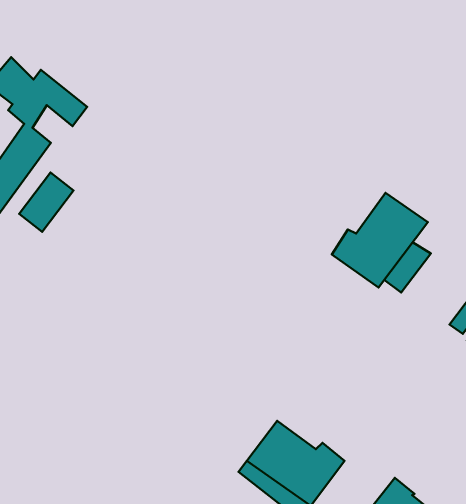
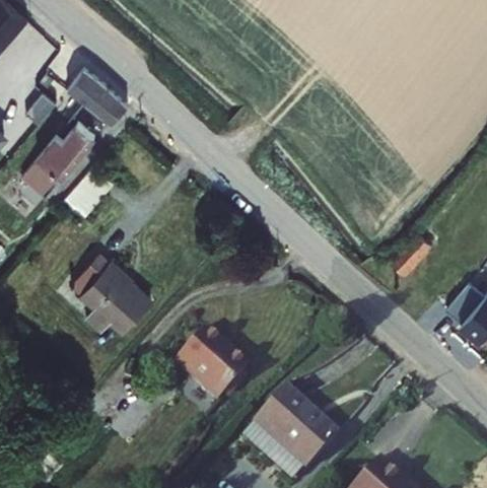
building: [332,193,428,287] -> none
building: none -> [67,240,147,319]
building: none -> [173,328,249,406]

